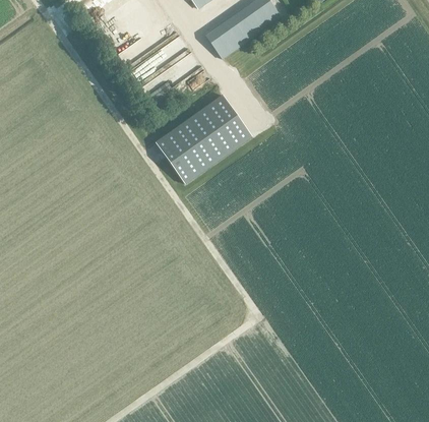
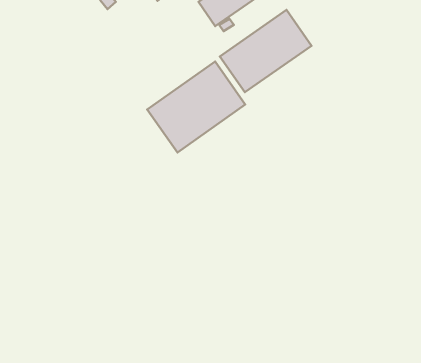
building: none -> [220,10,311,92]

